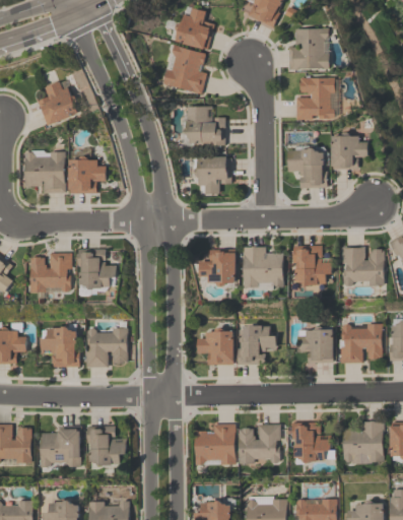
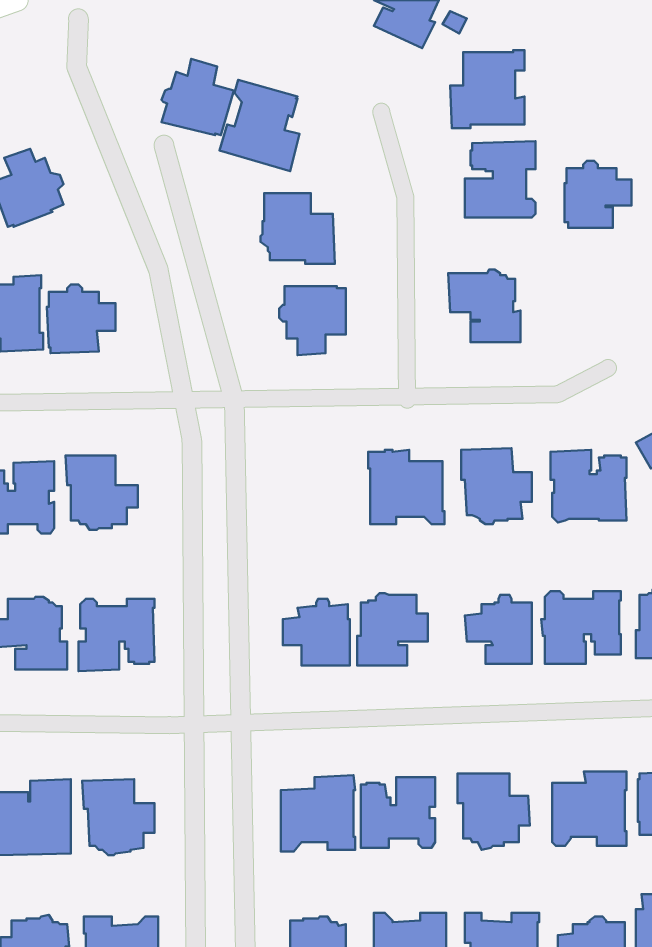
building: [175,6,214,48] -> [161,59,234,135]
building: [331,132,367,169] -> [565,161,631,228]
building: [200,249,238,286] -> none

